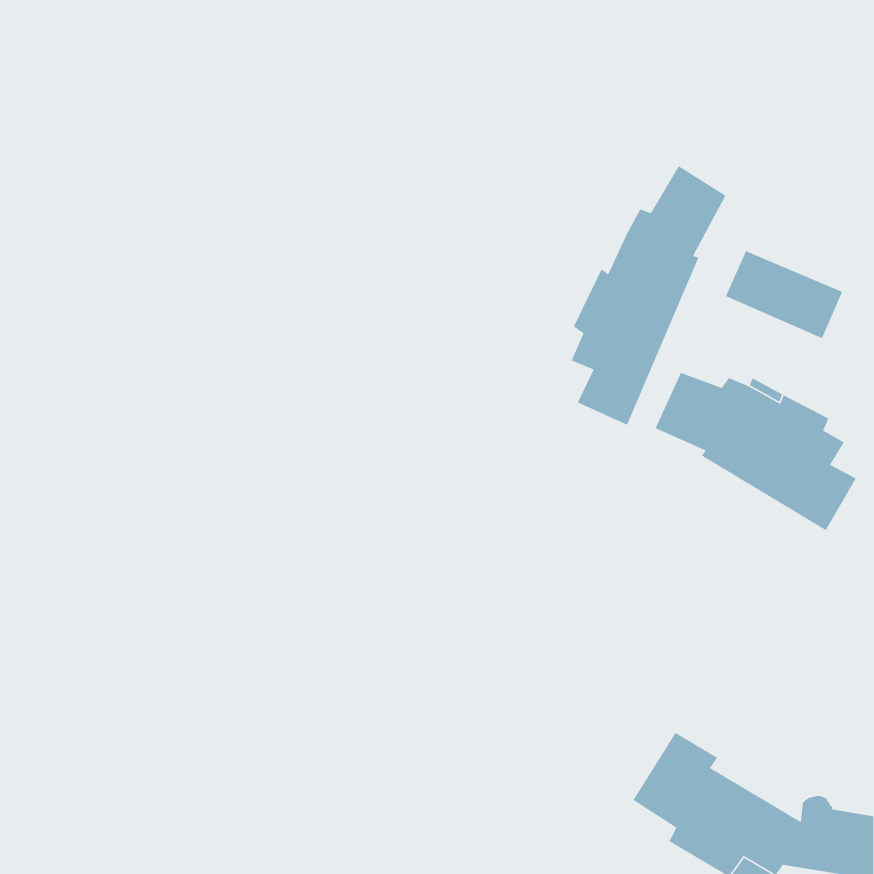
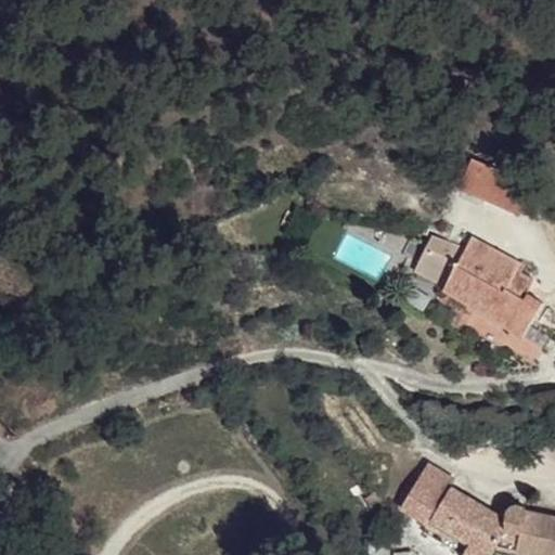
building: [571,165,726,426] -> none

